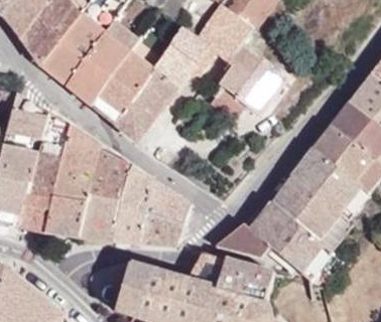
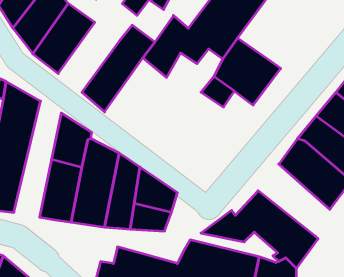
building: [65,19,127,103] -> none
building: [112,67,175,141] -> none
building: [19,112,68,230] -> none
building: [269,176,348,250] -> none

